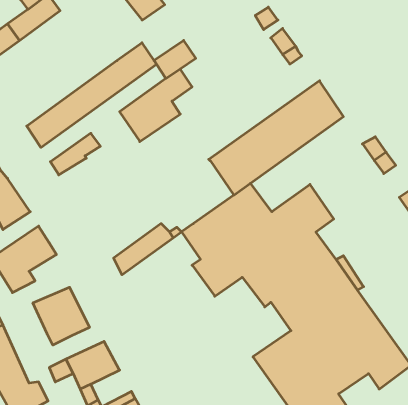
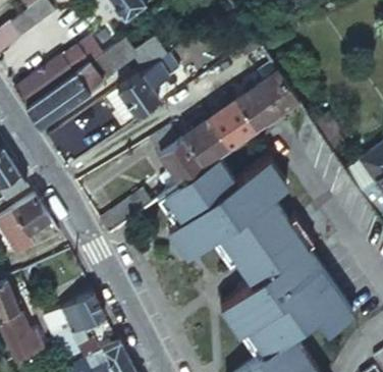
building: none -> [14,38,104,109]
building: none -> [149,128,204,193]
building: [33,287,89,345] -> none

